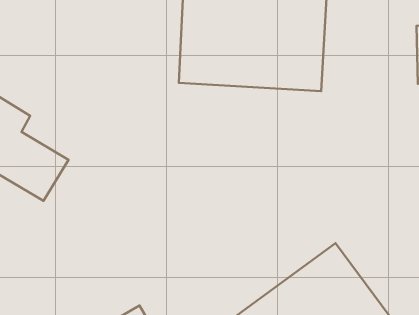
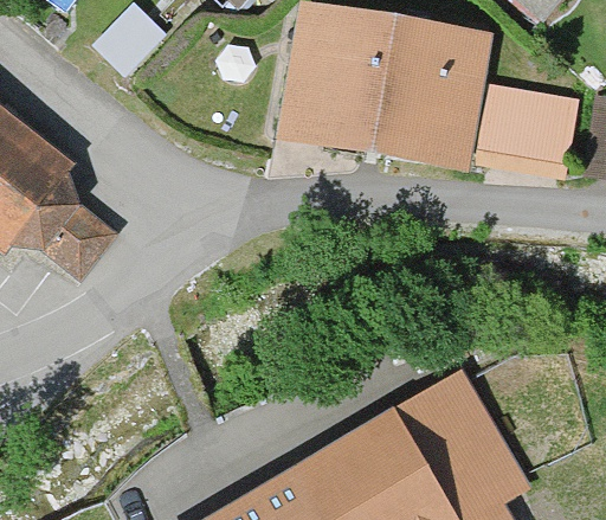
building: none -> [481,86,579,181]

